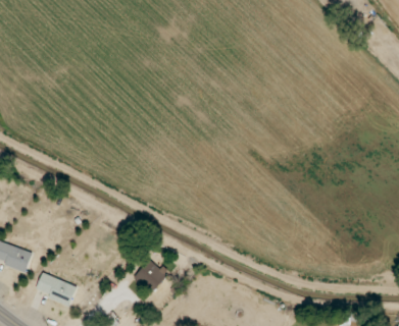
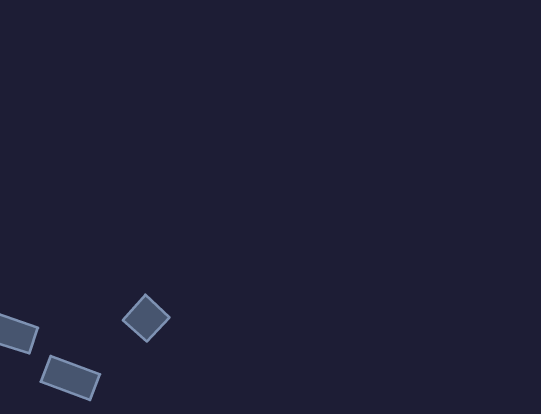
building: [134,259,167,292] -> [123,295,169,341]

